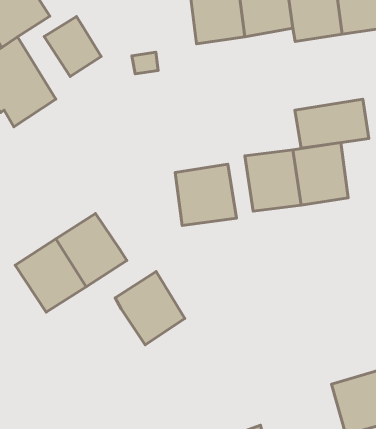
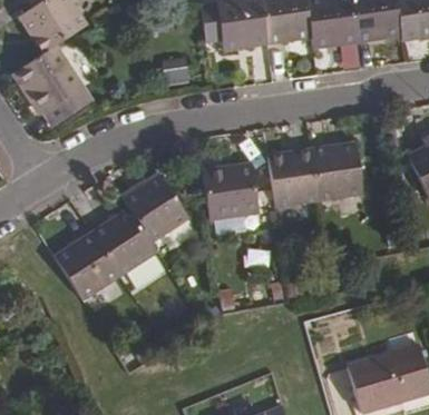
building: [44,16,101,76] -> none
building: [295,99,369,148] -> none
building: [115,272,185,345] -> [124,172,188,240]

